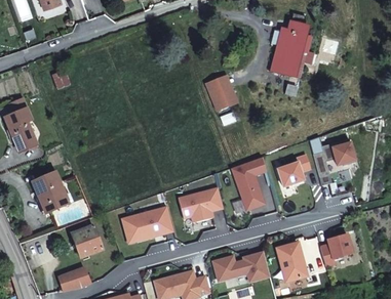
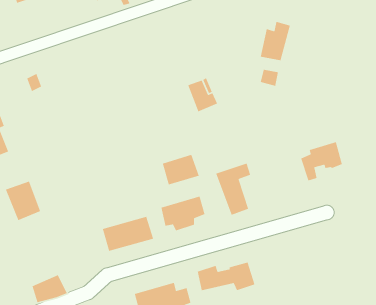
building: none -> [162,154,200,186]
building: [280,156,311,185] -> none
building: [69,223,104,258] -> none
building: [321,231,354,262] -> none
building: [278,240,308,280] -> none

